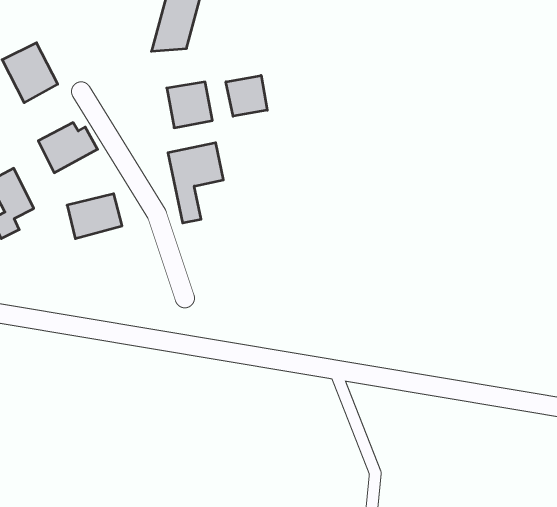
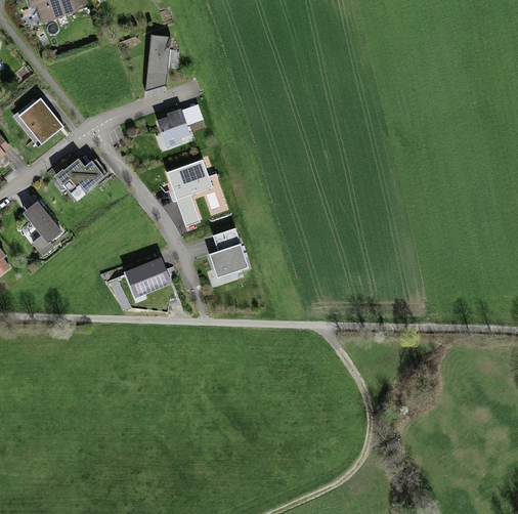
building: [226,75,267,116] -> none
building: [67,194,122,239] -> [123,257,169,297]
building: none -> [208,227,247,277]

